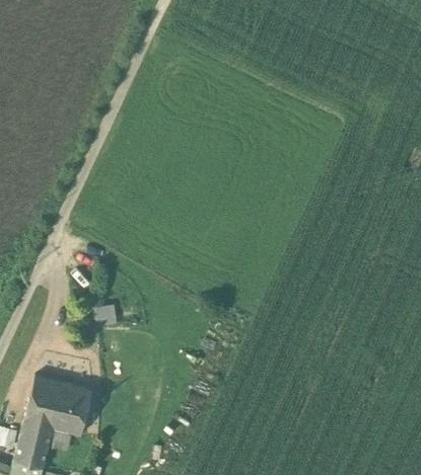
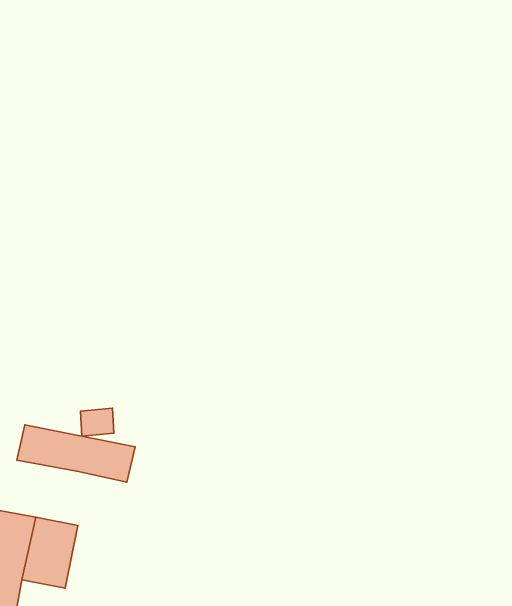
building: none -> [17,425,135,482]

